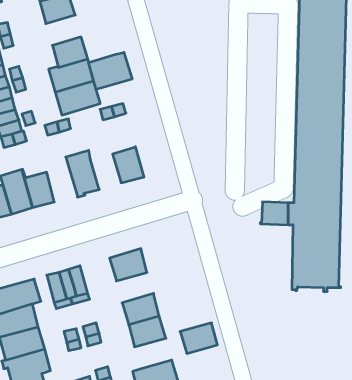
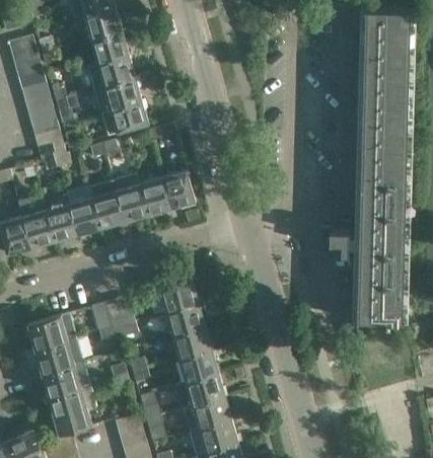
building: none -> [91,30,129,63]
building: [89,52,132,90] -> none
building: none -> [139,178,171,216]
building: none -> [92,192,125,229]
building: none -> [166,304,206,336]
building: [180,323,217,353] -> [186,374,225,406]

